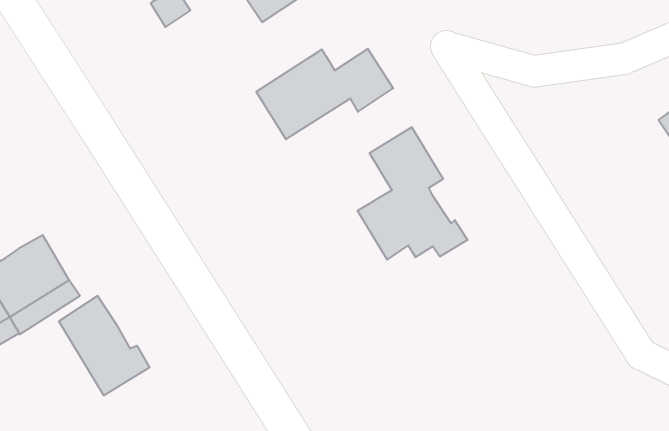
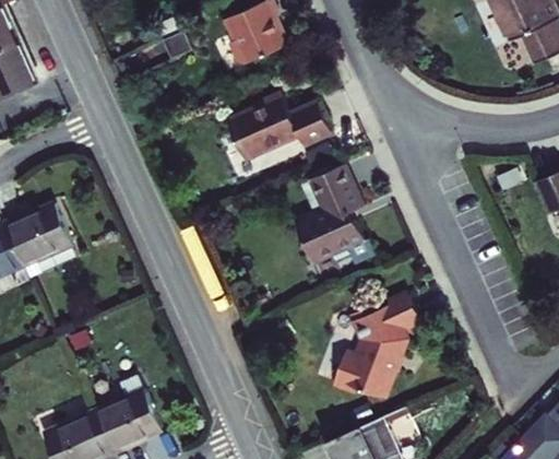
building: none -> [336,295,424,396]
building: [59,296,150,396] -> none

